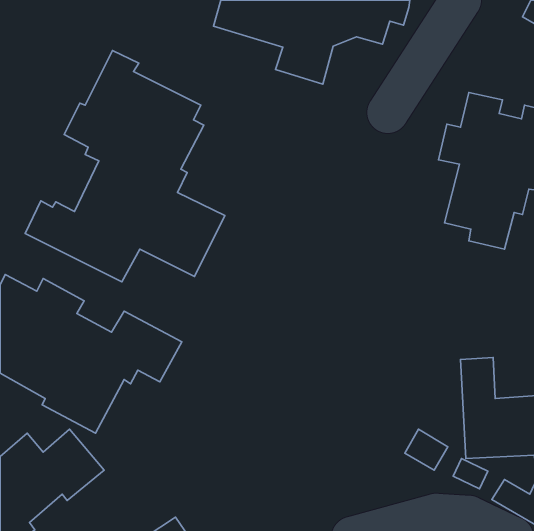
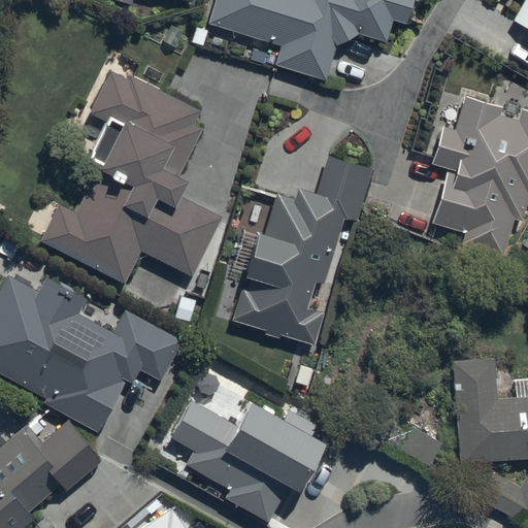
building: none -> [232,157,373,345]
building: none -> [171,395,322,522]

